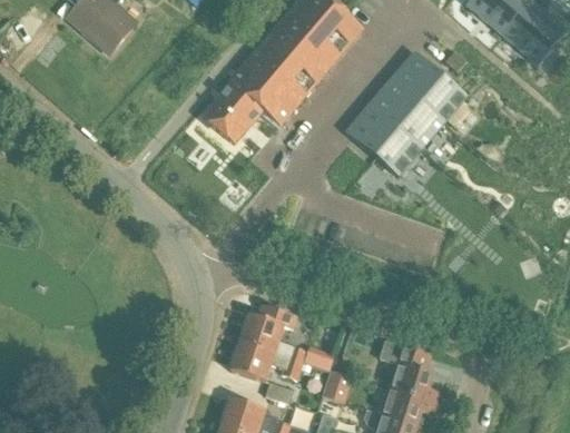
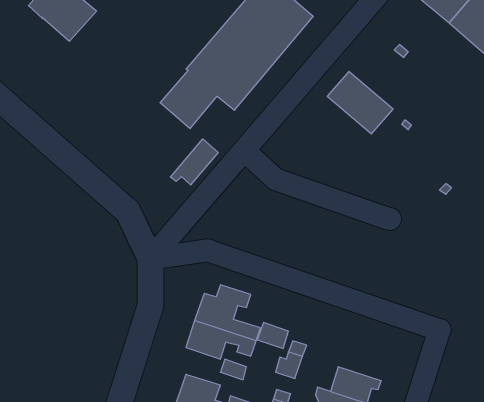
building: [397,57,466,124] -> none
building: [352,110,421,177] -> none
building: none -> [170,139,218,185]
building: [380,341,434,404] -> none

